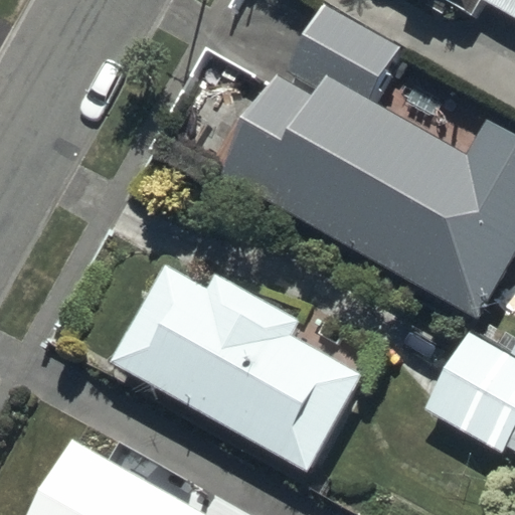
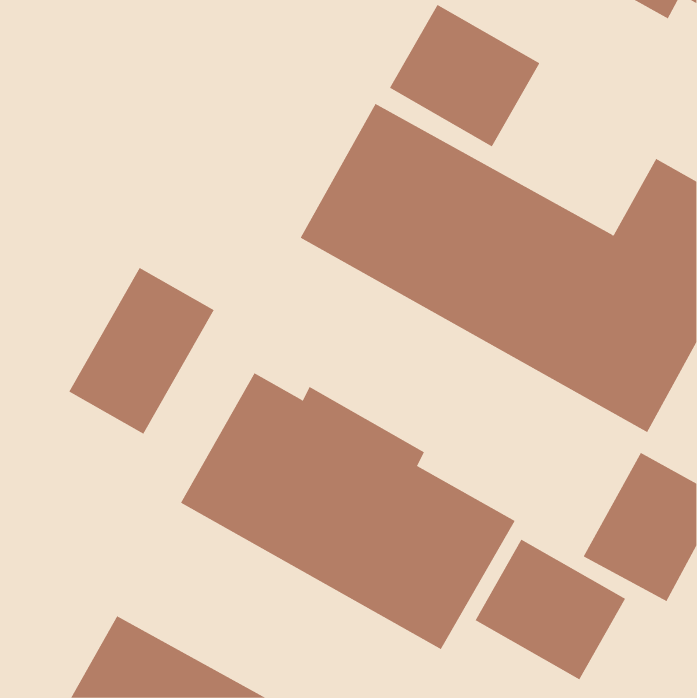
building: none -> [68,267,214,435]
building: none -> [475,539,626,680]

